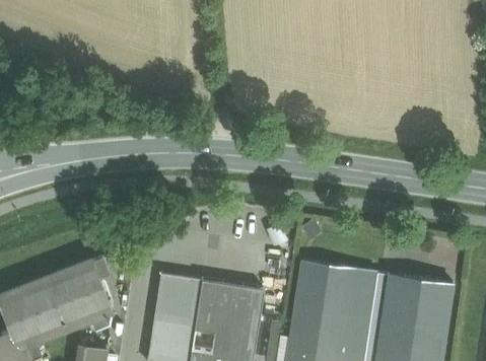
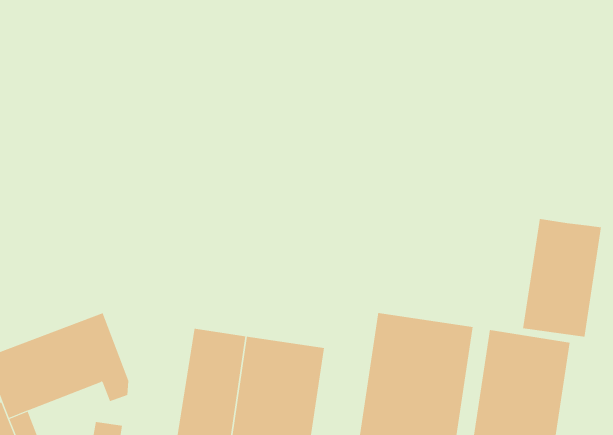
building: none -> [523,218,602,337]

